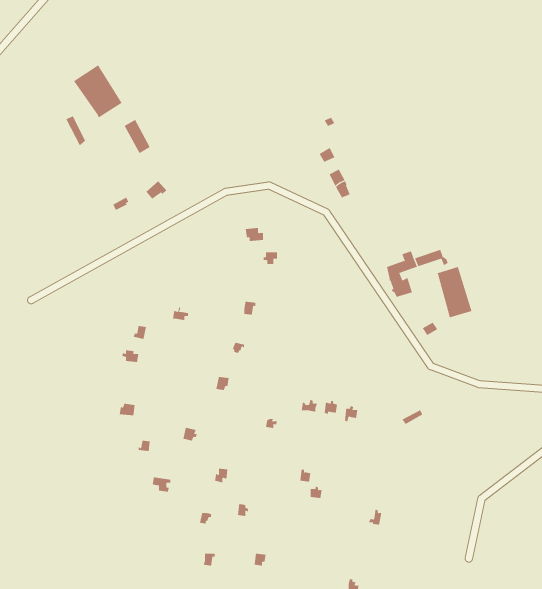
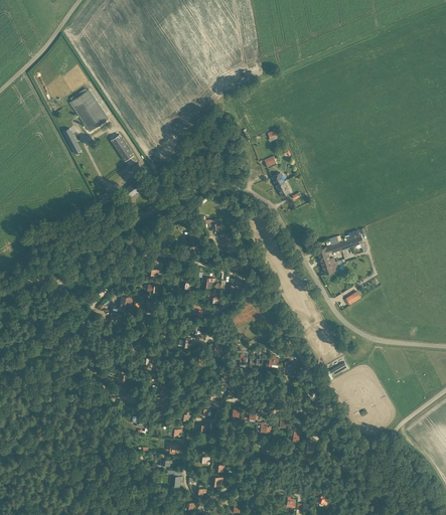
building: [437,266,472,318] -> none

